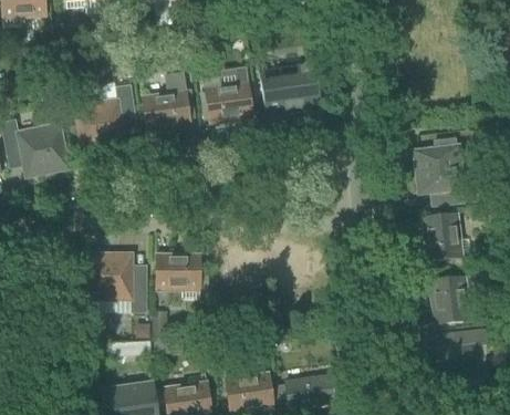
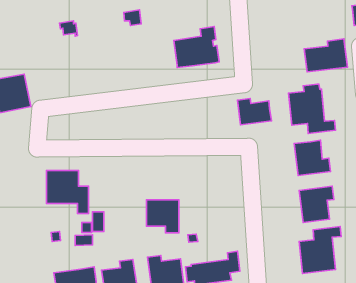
building: [143,73,195,132] -> none
building: [201,76,253,123] -> none
building: none -> [304,39,347,72]
building: [76,85,136,149] -> none
building: none -> [238,98,271,125]
building: [157,253,200,298] -> [147,200,179,233]

